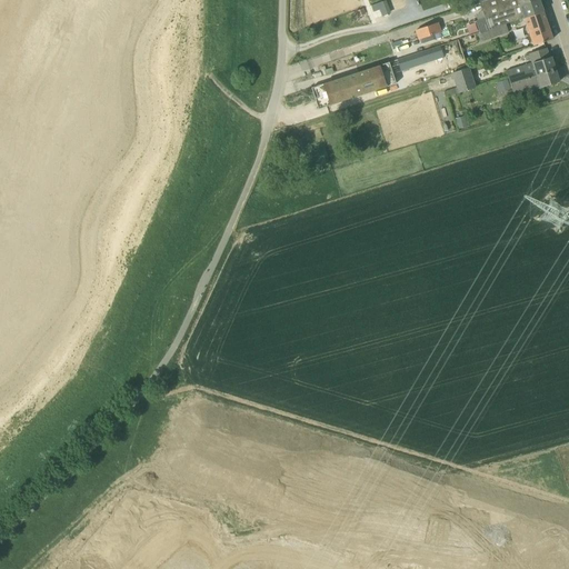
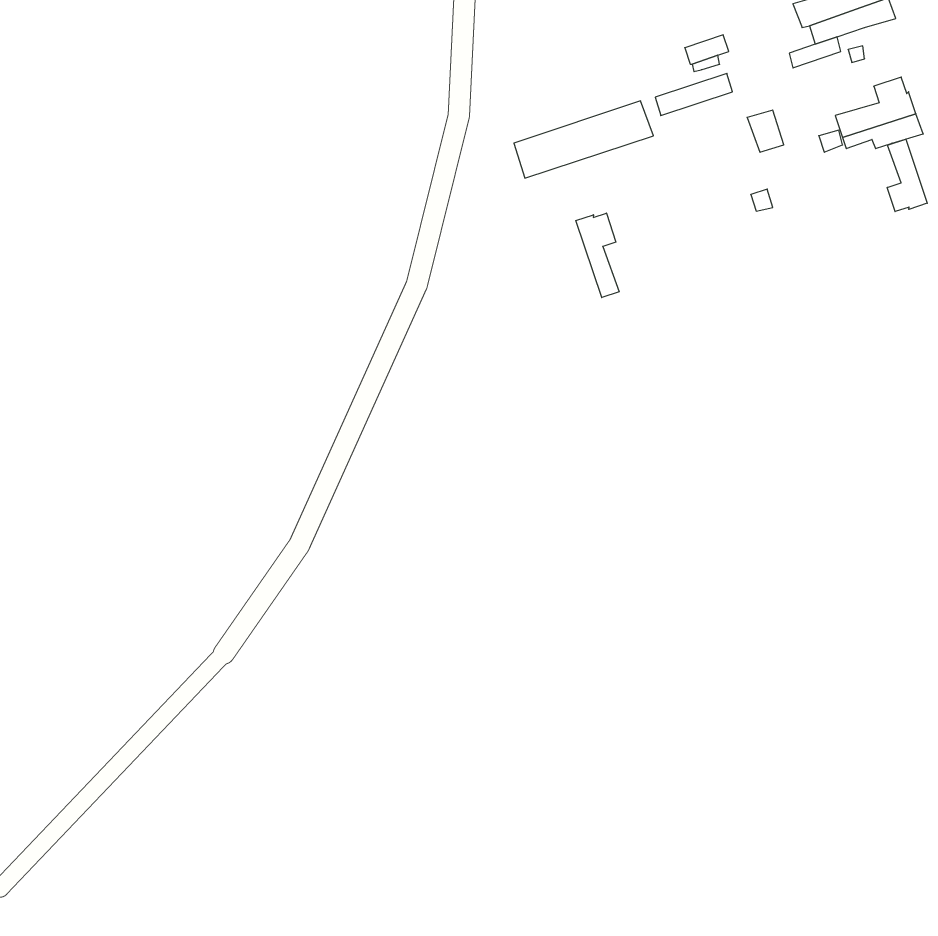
building: [523,11,552,44] -> none
building: none -> [887,139,927,212]
building: none -> [576,213,619,298]

